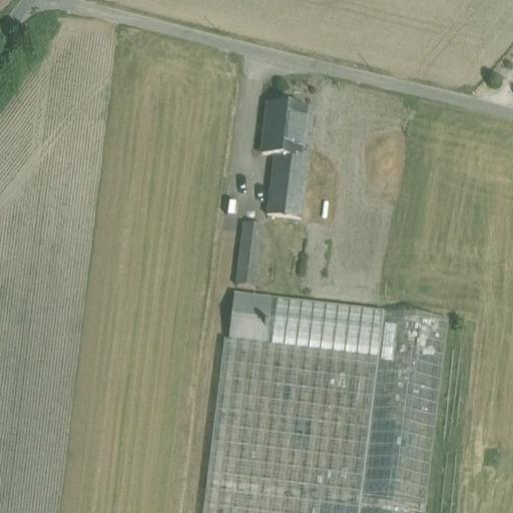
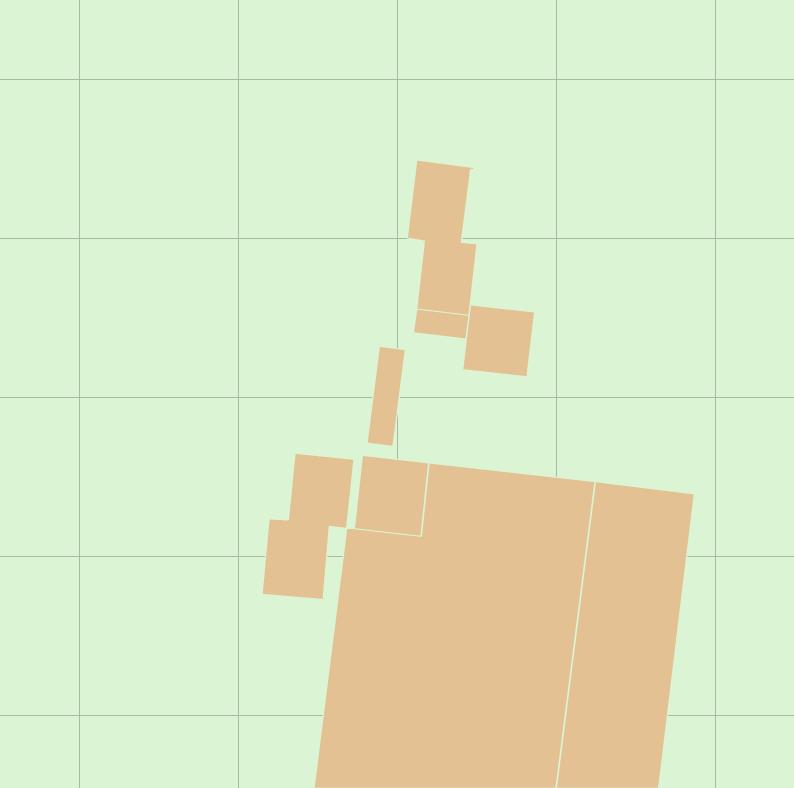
building: none -> [463,305,534,377]
building: none -> [262,453,354,600]

